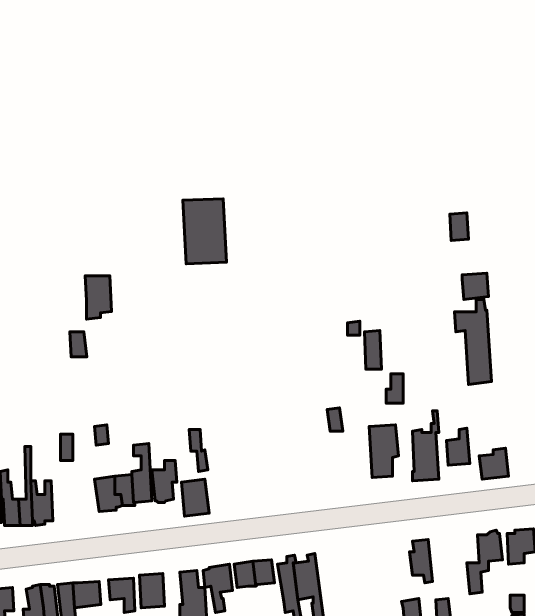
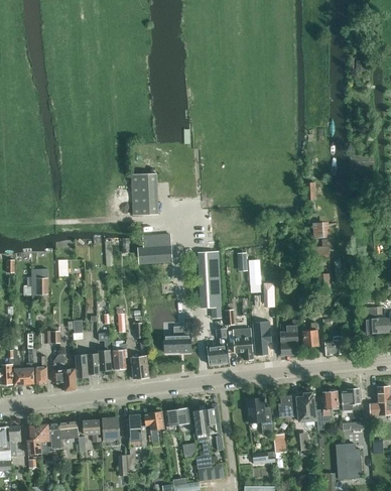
building: [85,276,111,319] -> [31,269,48,297]
building: none -> [137,234,171,263]
building: none -> [191,252,220,318]
building: none -> [164,318,192,353]
building: none -> [207,328,229,365]
building: none -> [232,329,253,360]
building: none -> [52,354,77,390]
building: none -> [296,393,315,421]
building: none -> [247,398,273,435]

